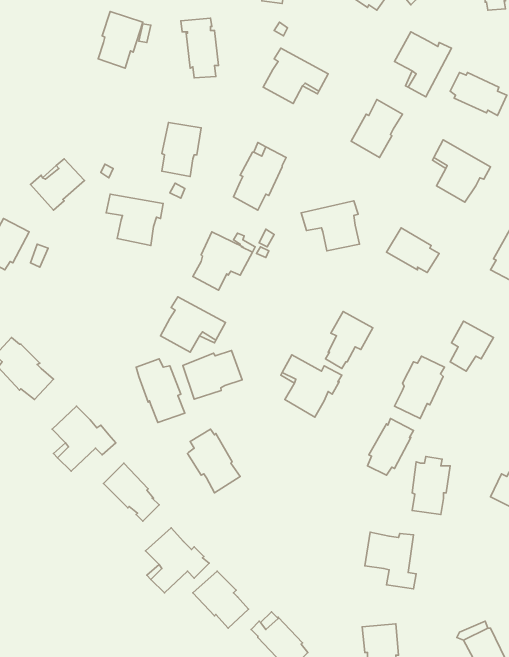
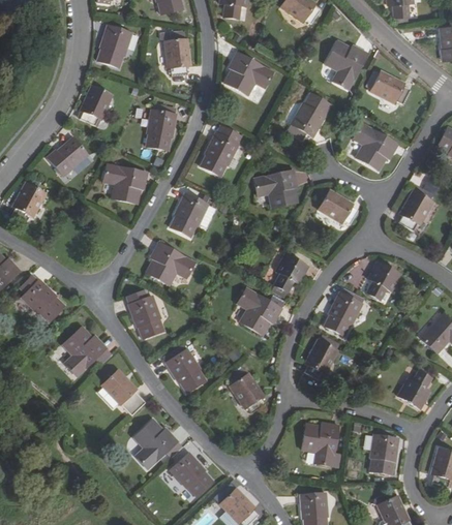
building: none -> [79,86,112,126]
building: [183,350,242,399] -> none
building: [412,456,450,515] -> [369,430,398,474]
building: none -> [225,367,266,413]

